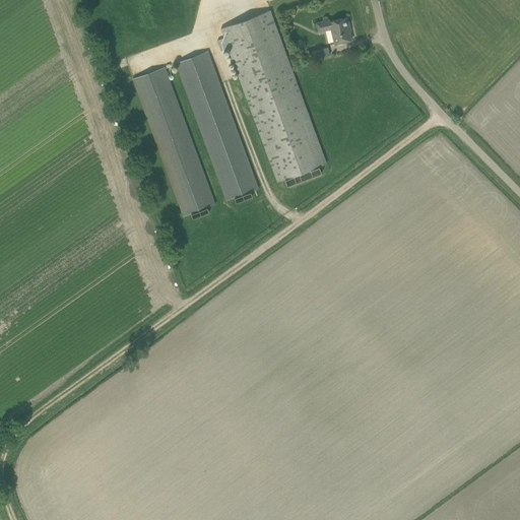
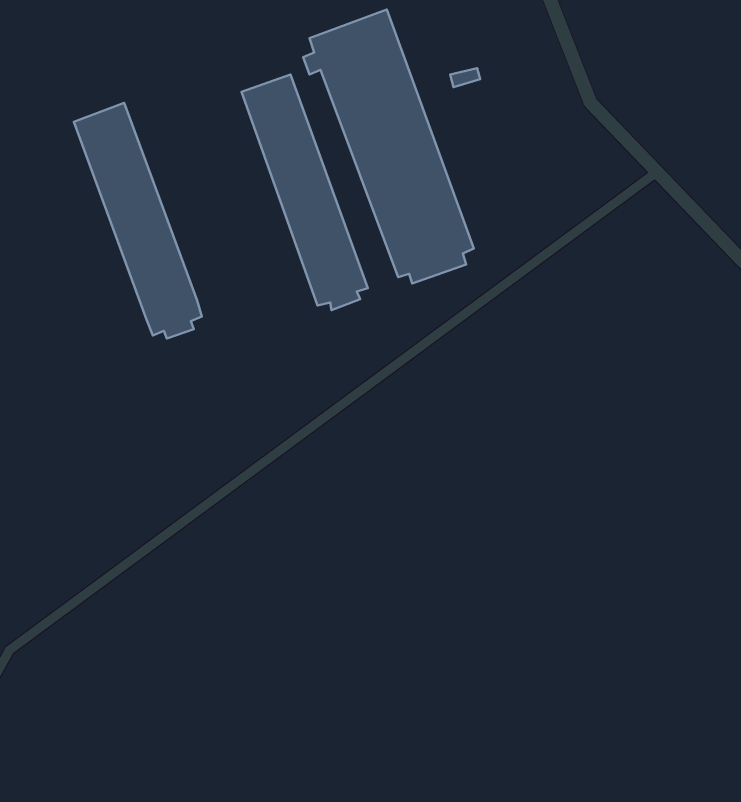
building: [317,16,350,44] -> none
building: [132,67,214,218] -> [74,103,202,339]

